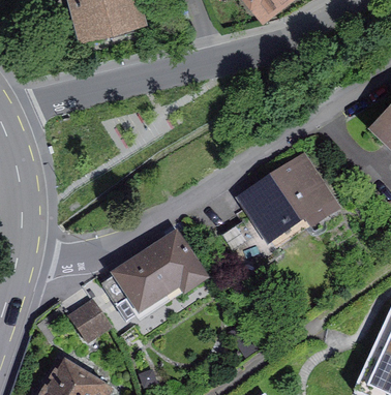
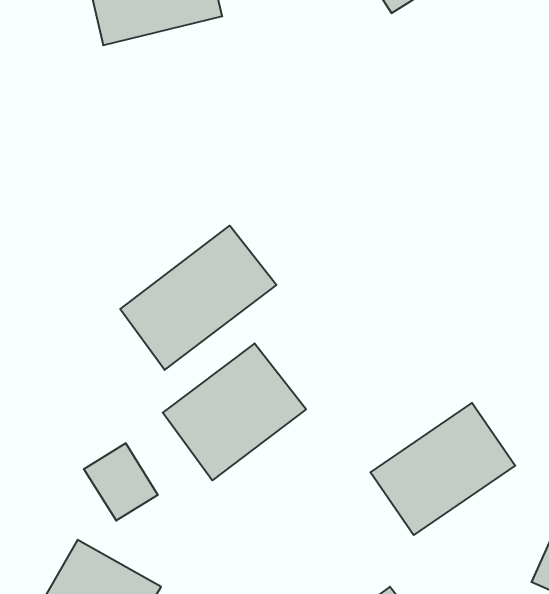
building: none -> [120,226,276,370]
building: [245,156,338,241] -> [370,403,515,535]

